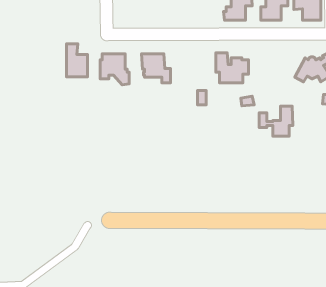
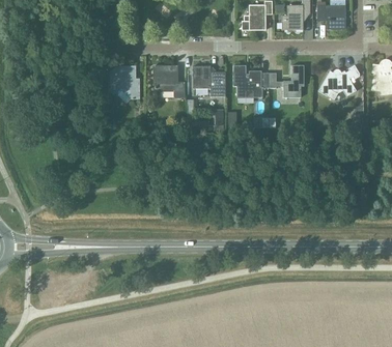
building: [66,44,88,77] -> none
building: none -> [193,64,226,95]
building: [259,106,293,136] -> [269,64,305,96]

